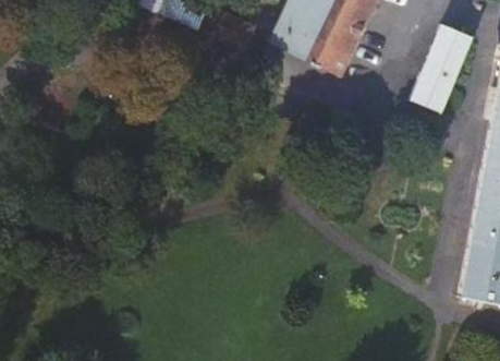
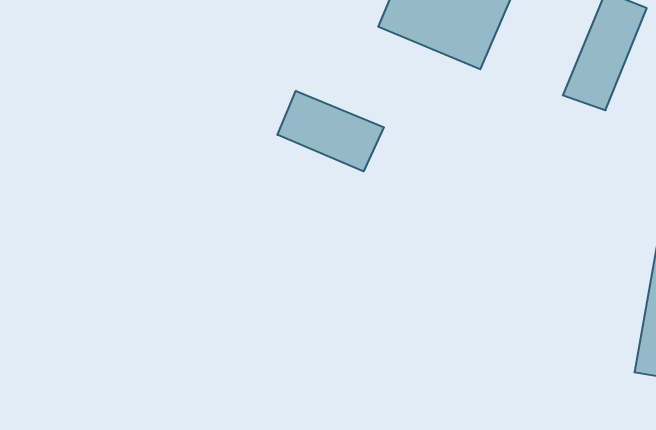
building: none -> [277,91,384,171]

